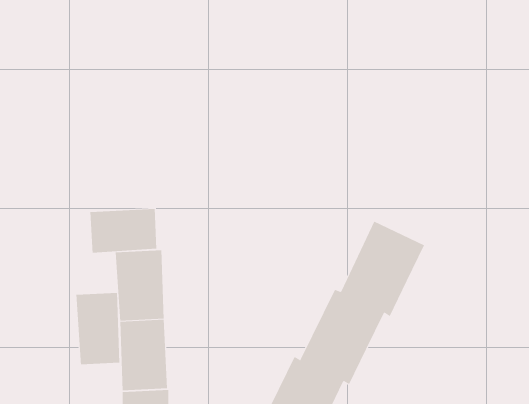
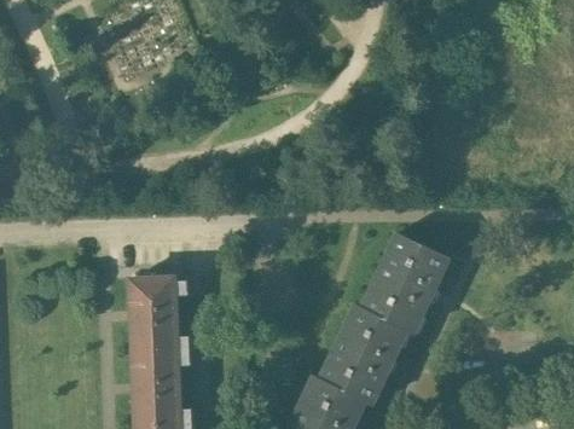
building: [90,208,157,254] -> none
building: [76,292,120,365] -> none

